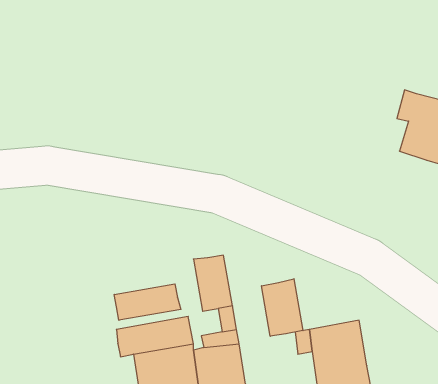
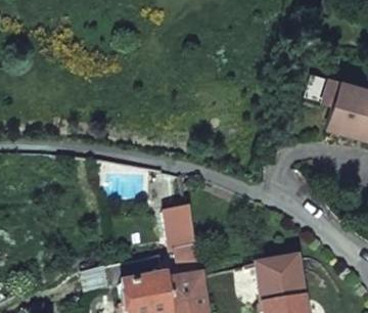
building: [262,279,303,336] -> none
building: [114,284,181,320] -> none

